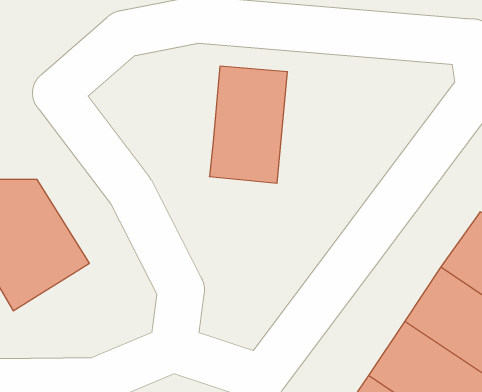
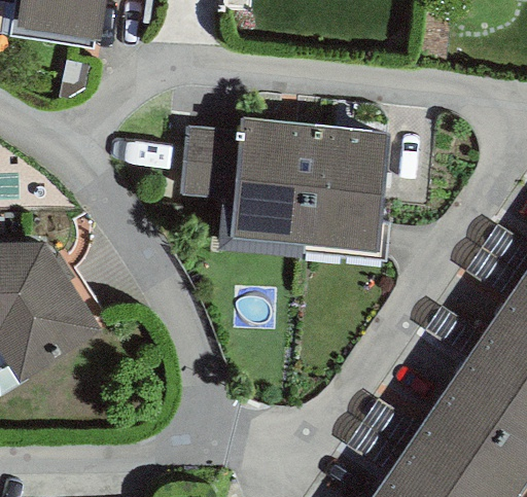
building: none -> [179,127,240,202]
building: none -> [303,127,387,253]

